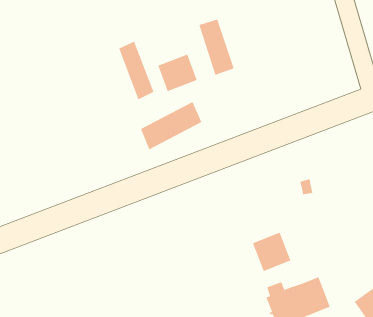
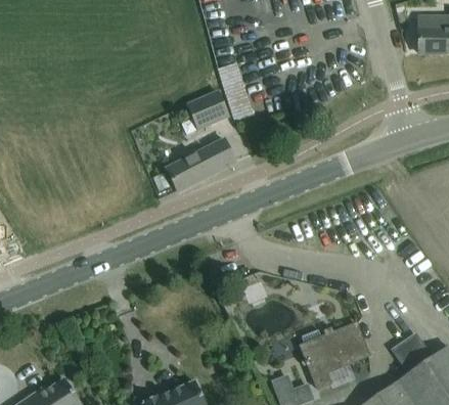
building: [118,41,154,100] -> none
building: [252,232,291,272] -> none

